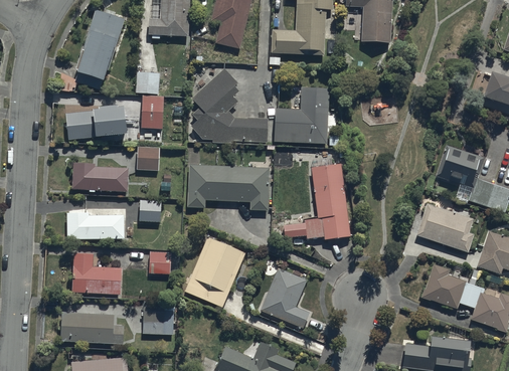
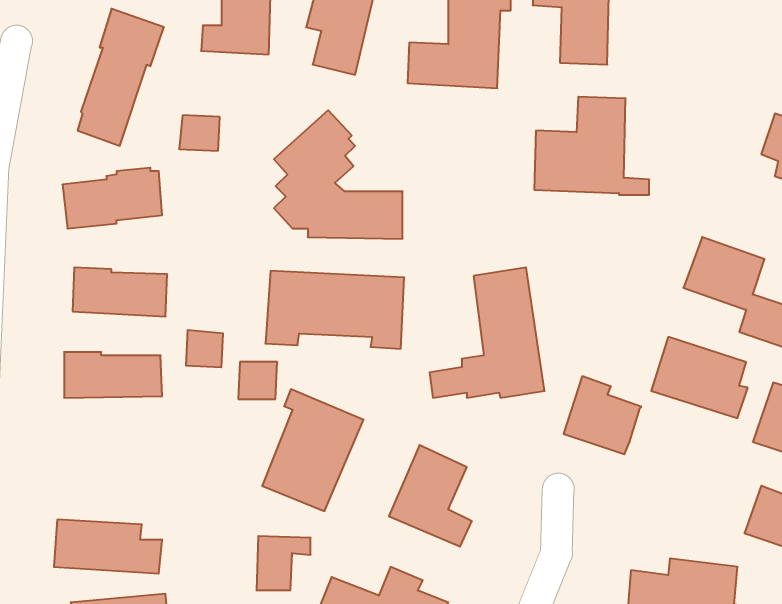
building: [274,86,342,145] -> [534,97,649,195]
building: [141,95,164,138] -> none
building: [136,146,159,170] -> none
building: [71,251,121,295] -> none
building: [148,251,171,273] -> [238,362,277,399]
building: [419,261,466,308] -> [564,376,641,454]
building: [143,302,175,334] -> [256,536,311,590]

